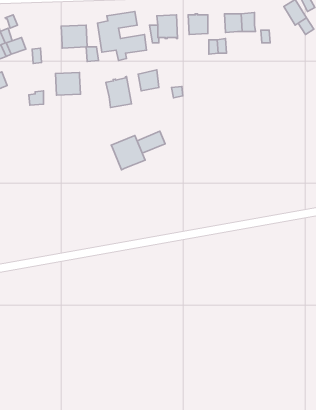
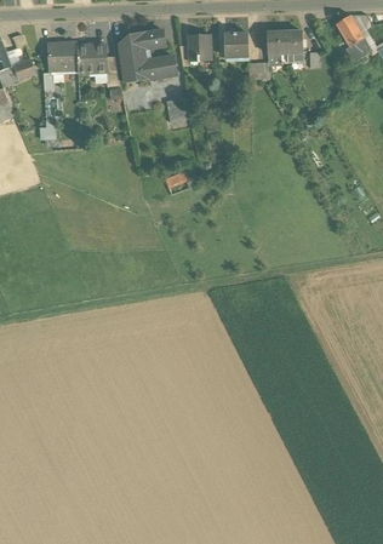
building: [55,72,80,95] -> [48,42,78,69]
building: [106,76,132,108] -> none
building: [111,136,145,170] -> none

